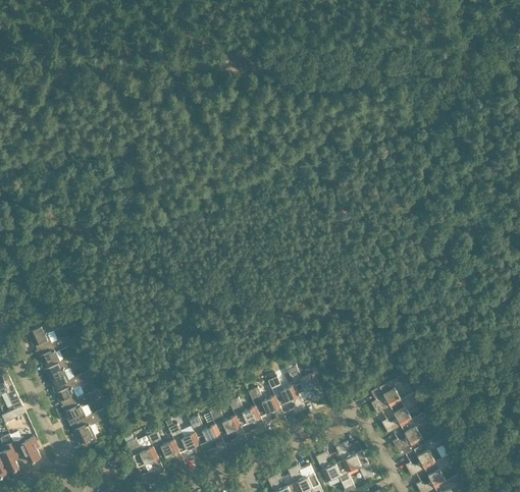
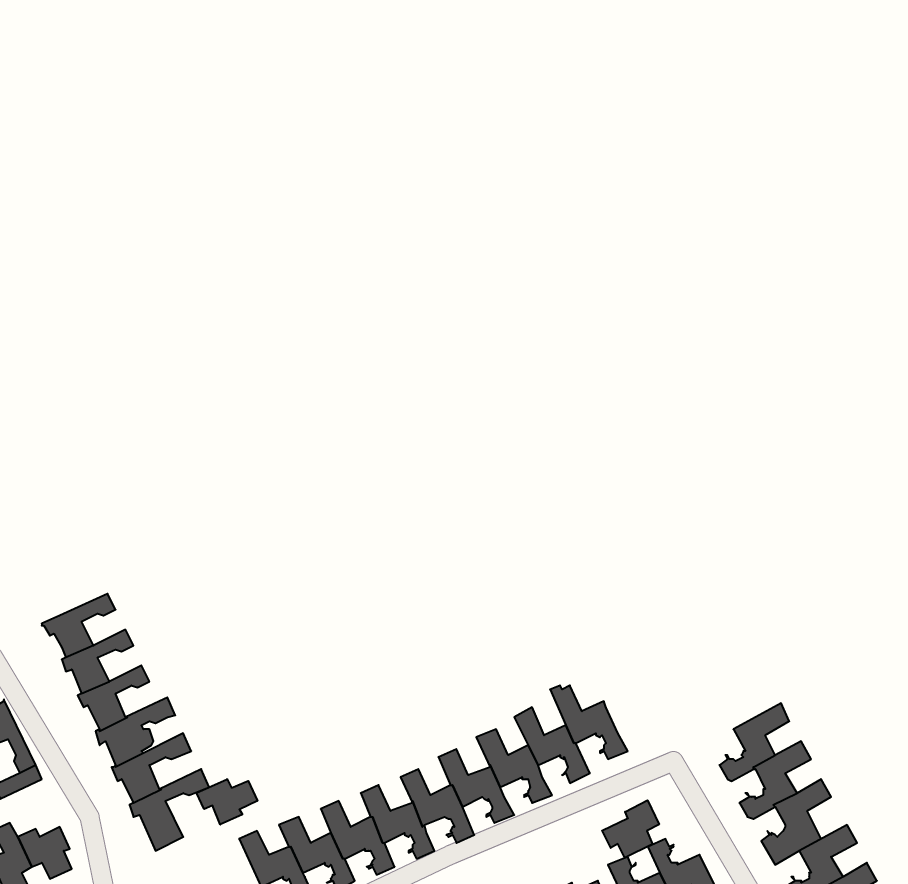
building: none -> [197,779,257,825]
building: none -> [602,800,659,858]

